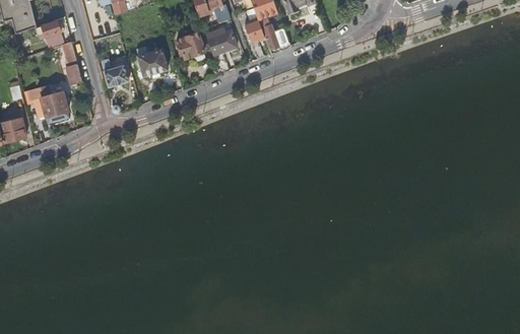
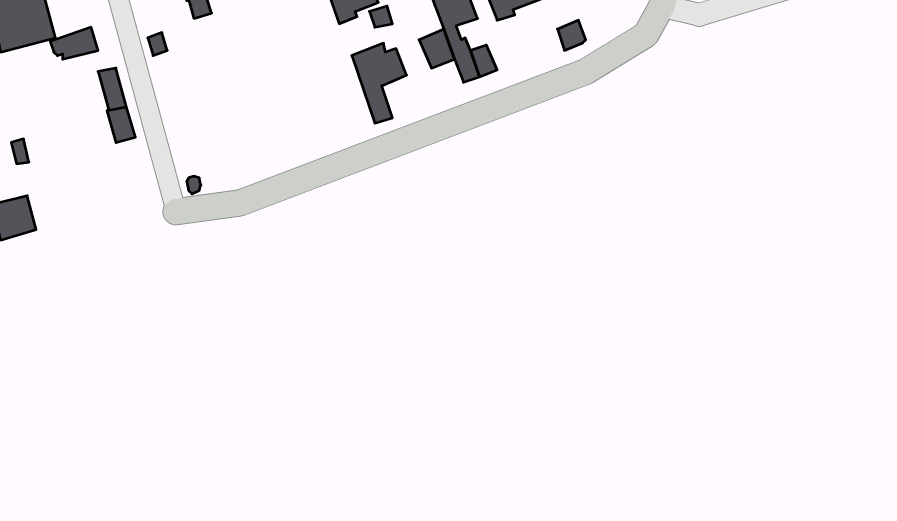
building: [177,34,204,58] -> none
building: [135,49,167,77] -> none
building: [104,64,129,86] -> none
building: [41,90,68,117] -> none

